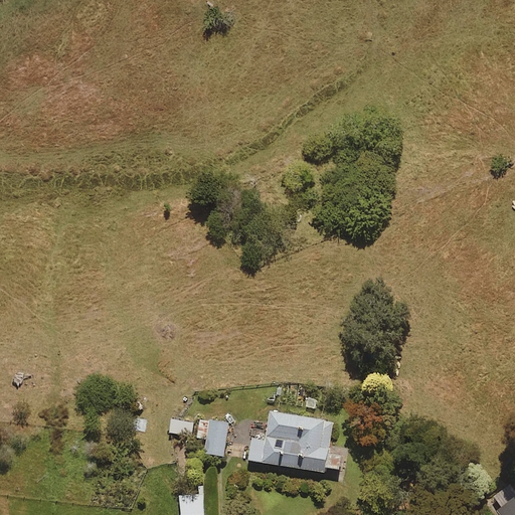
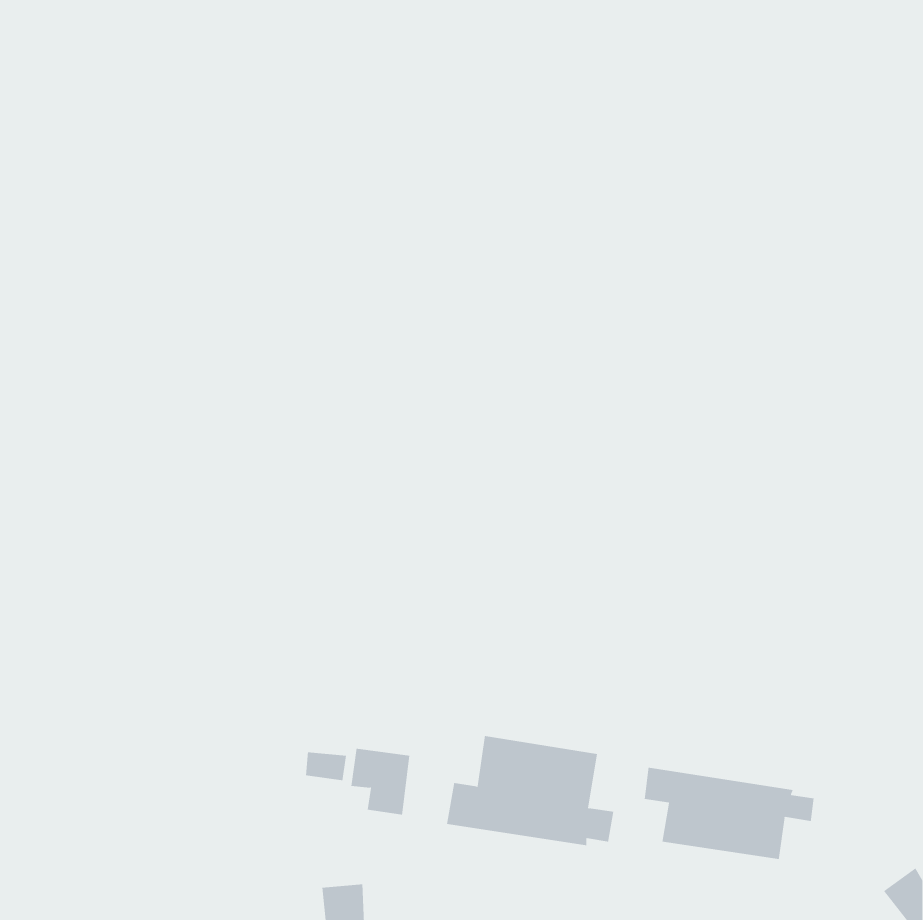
building: none -> [644,767,814,860]

